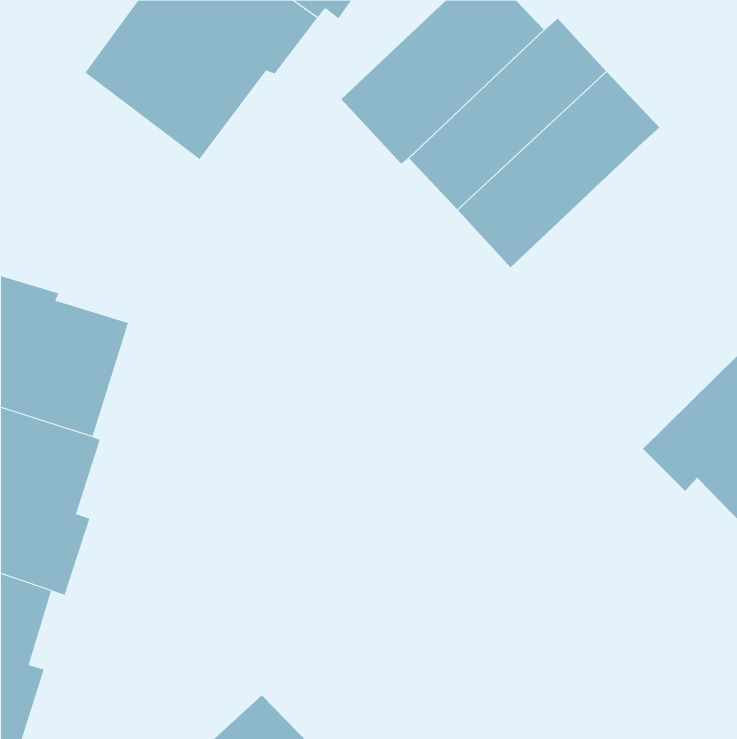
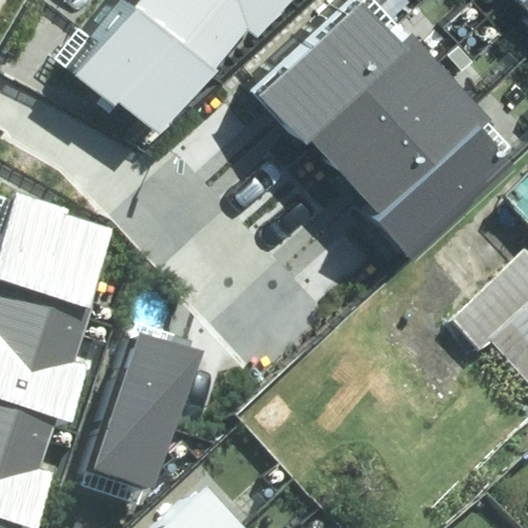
building: none -> [363,111,504,250]
building: none -> [93,343,192,495]

